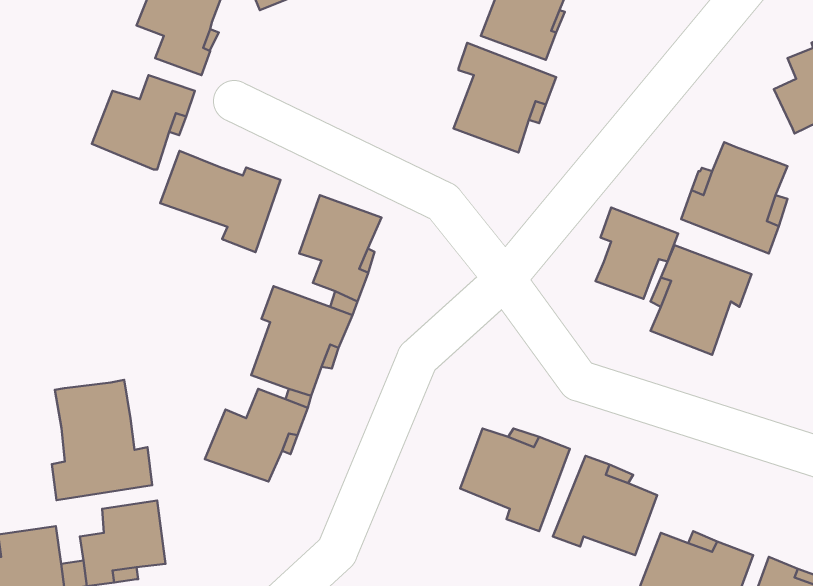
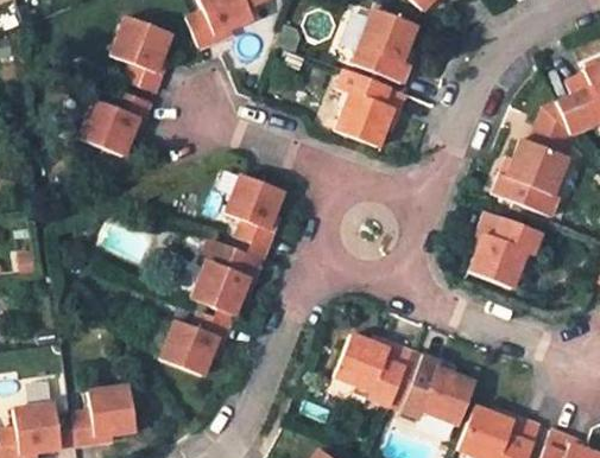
building: none -> [529,102,568,153]
building: [160,151,281,252] -> none
building: [596,207,678,299] -> none
building: [52,380,152,500] -> none

